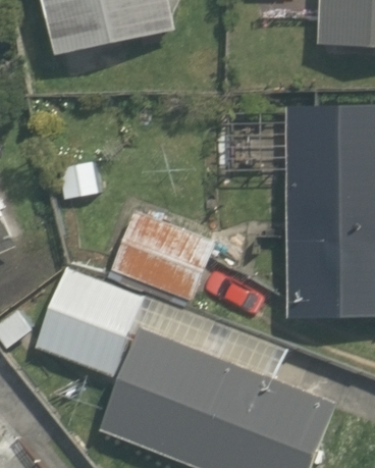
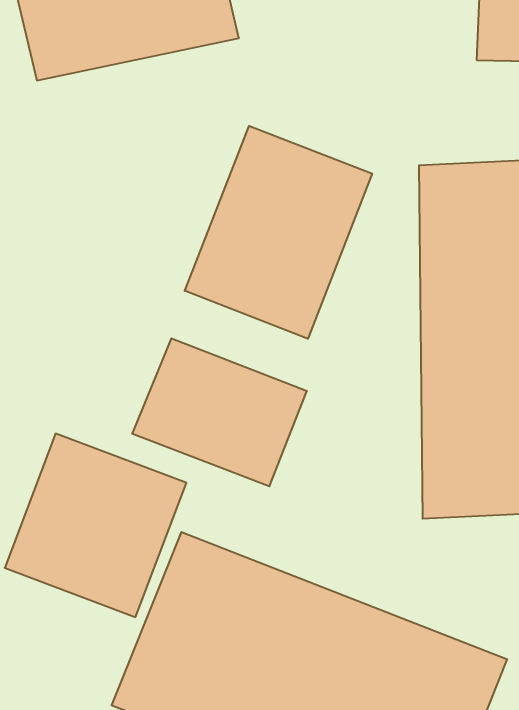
building: none -> [185,126,372,339]

